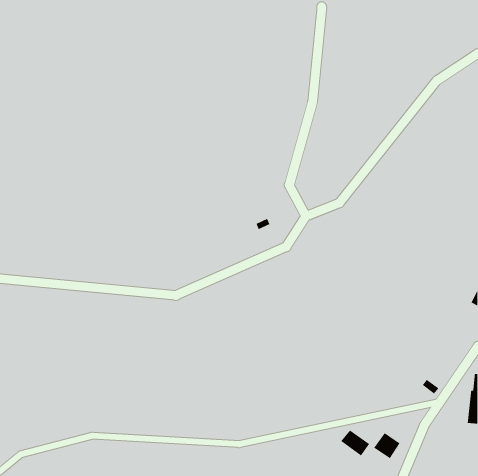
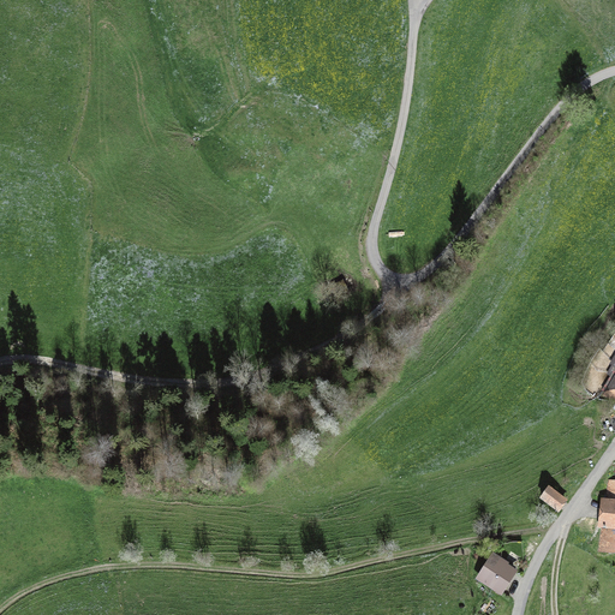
building: [340,430,370,457] -> none

